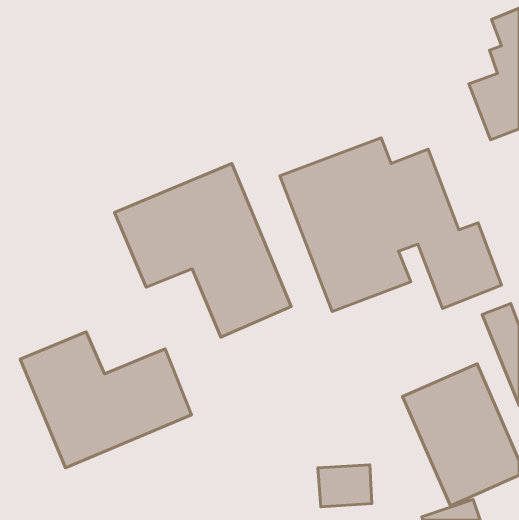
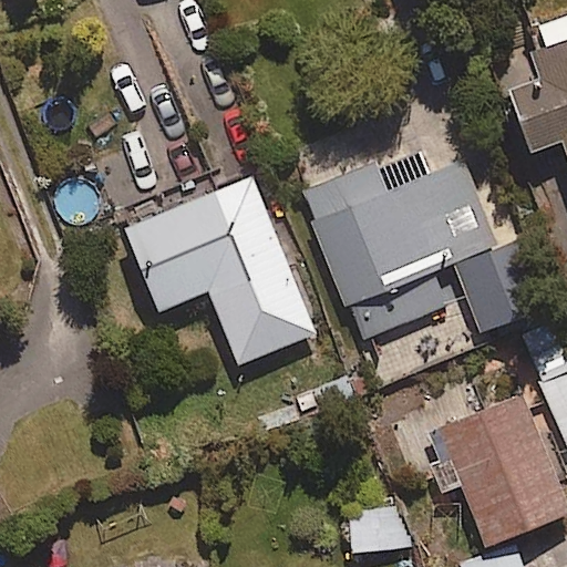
building: [20,332,192,468] -> none

